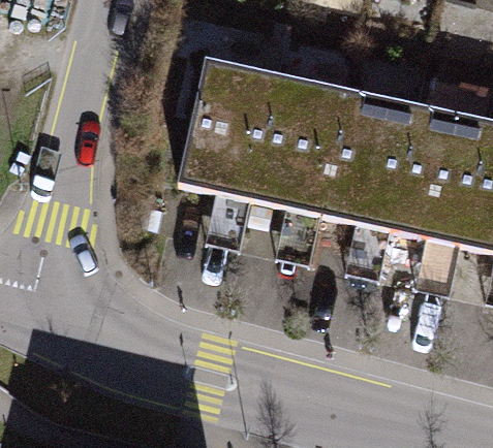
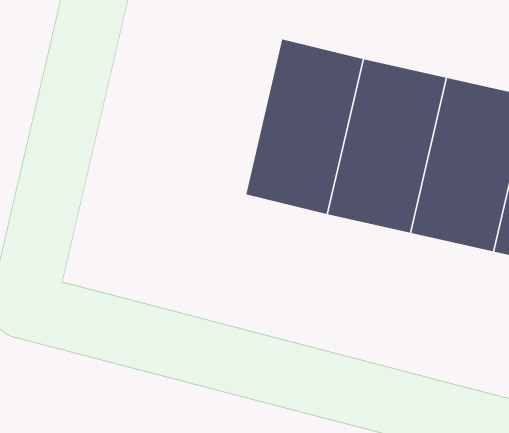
building: [176,47,281,201] -> none

